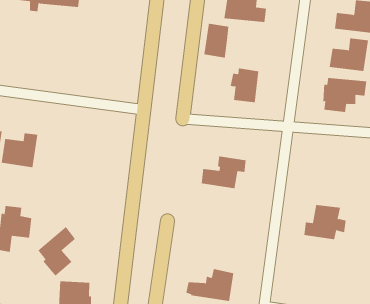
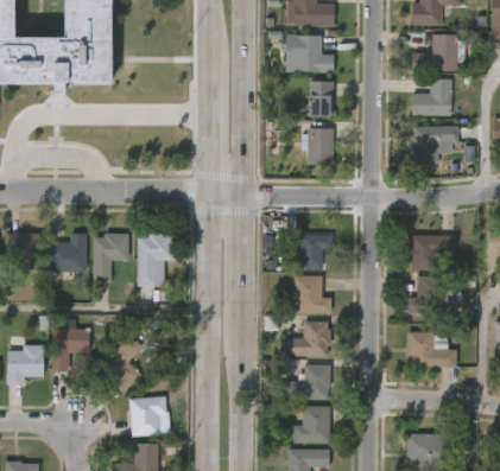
building: [203,23,229,58] -> [305,82,331,120]
building: none -> [90,233,126,282]
building: none -> [135,233,170,286]
building: none -> [405,234,454,269]
building: none -> [291,274,329,312]
building: none -> [280,320,329,358]
building: none -> [405,331,455,367]

